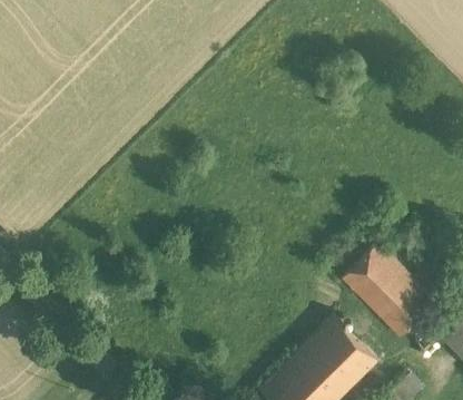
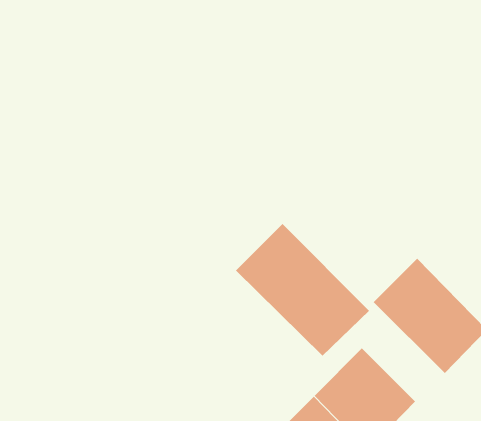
building: none -> [235,223,370,356]

